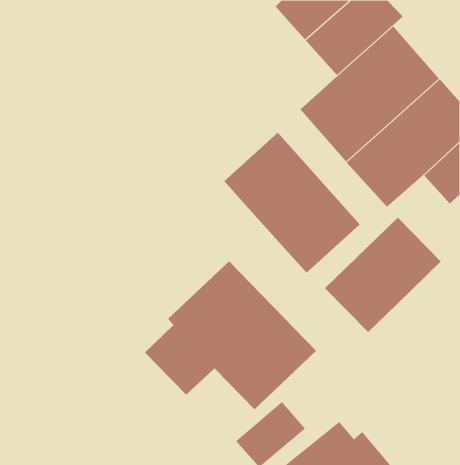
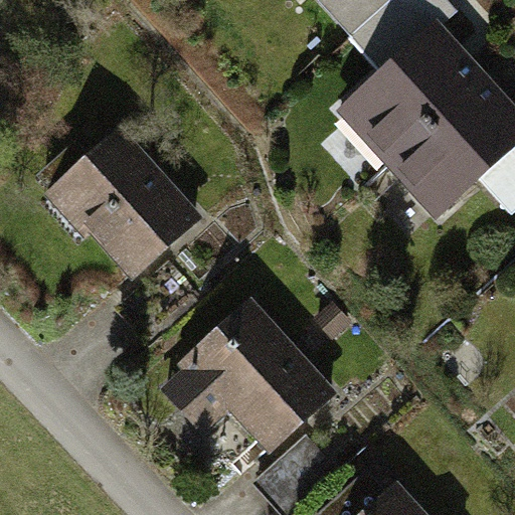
building: none -> [42,115,213,281]
building: [224,132,361,274] -> none
building: [324,217,442,333] -> none

